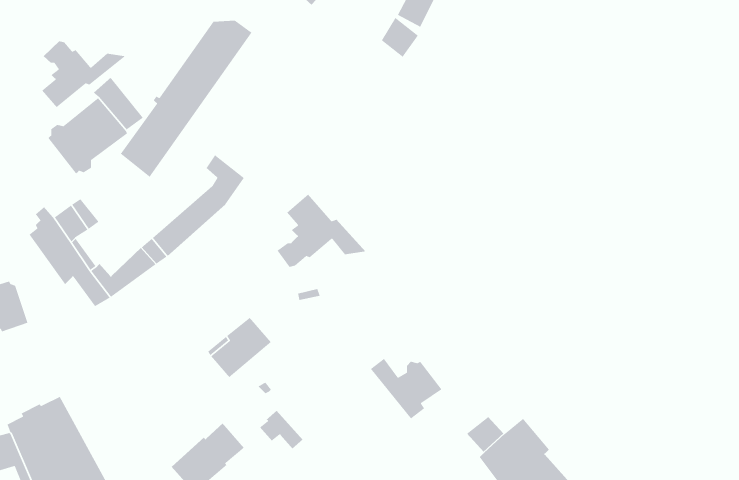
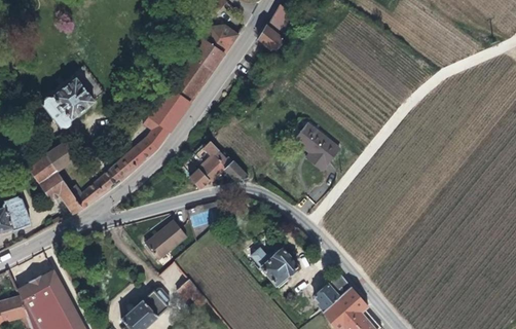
building: [120,20,252,178] -> [150,27,236,130]
building: [41,40,126,108] -> none
building: none -> [294,122,339,170]

